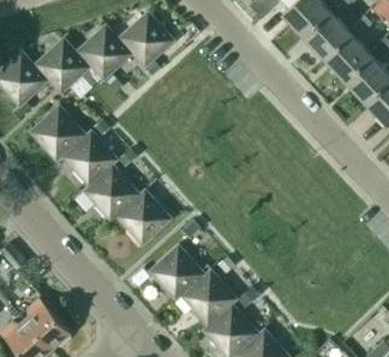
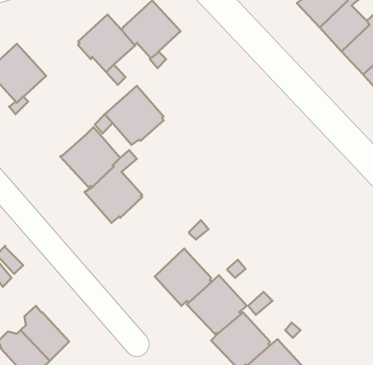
building: [34,37,89,93] -> none
building: [29,105,84,160] -> [105,86,164,145]
building: [114,190,169,245] -> none

